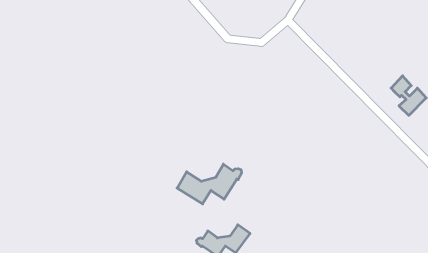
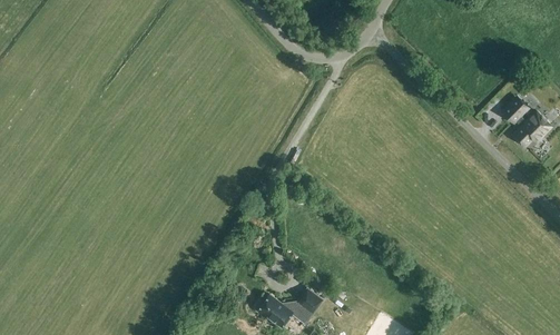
building: [177,164,241,204] -> none

